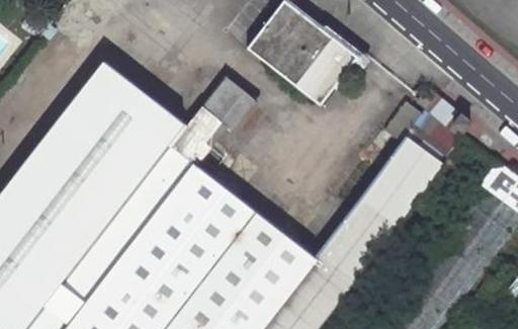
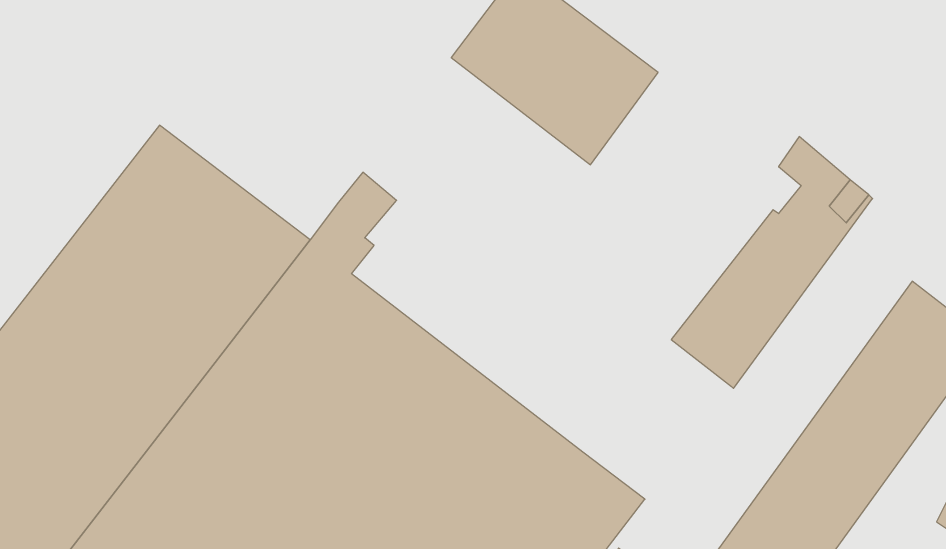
building: [89,62,185,144] -> none
building: [198,74,247,147] -> none
building: [317,197,397,283] -> none

